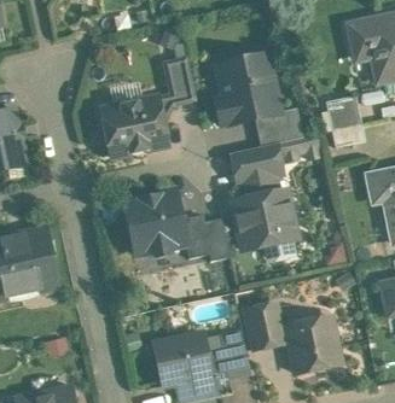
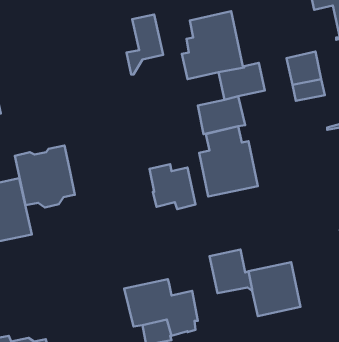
building: [100,95,167,156] -> none
building: [123,189,186,255] -> [15,145,75,208]
building: [202,329,248,376] -> none

